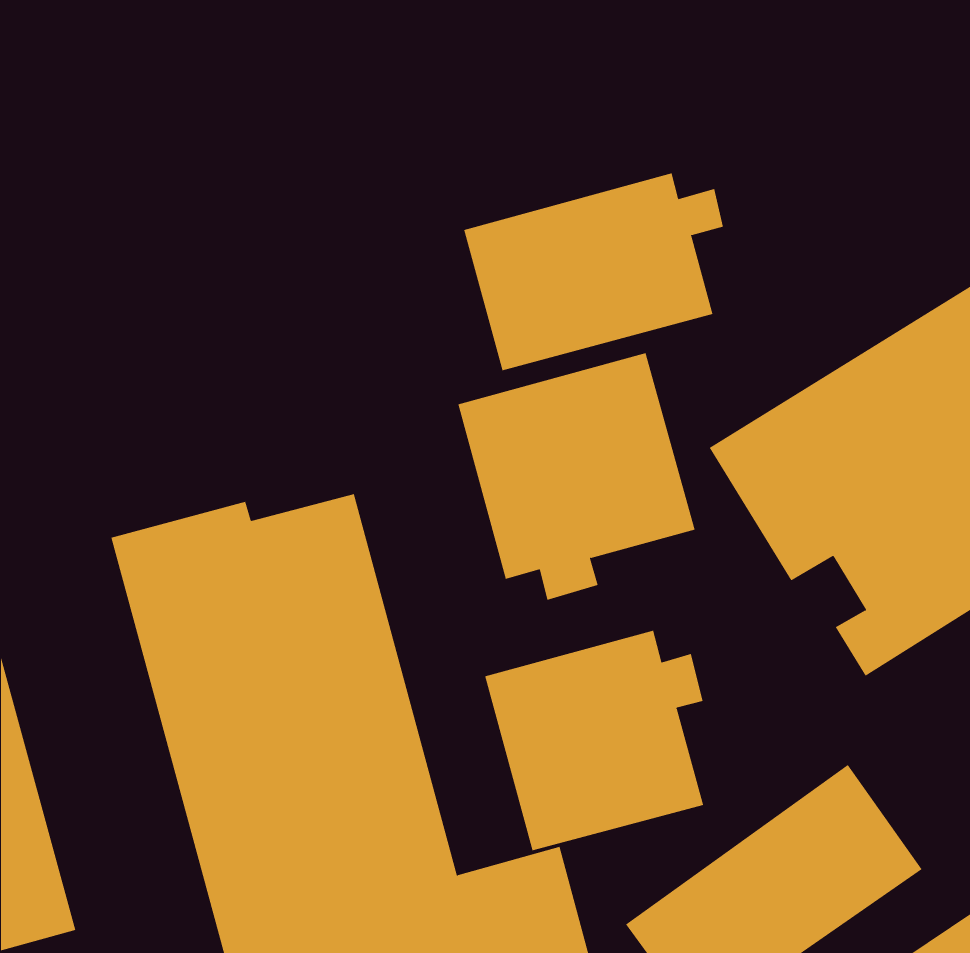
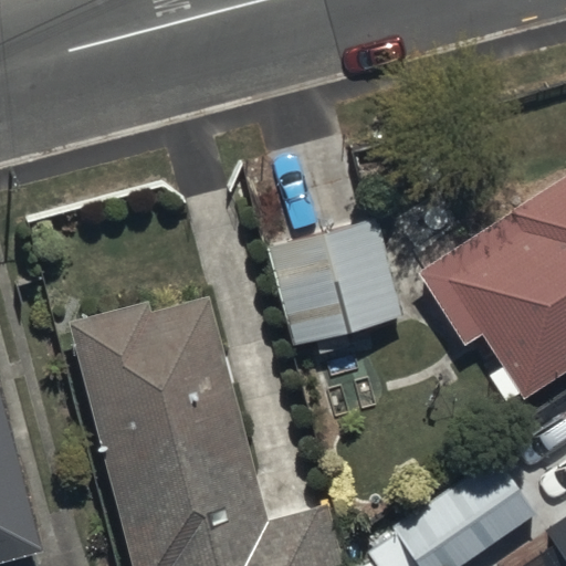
building: [464,173,724,371] -> none
building: [484,630,704,851] -> none

